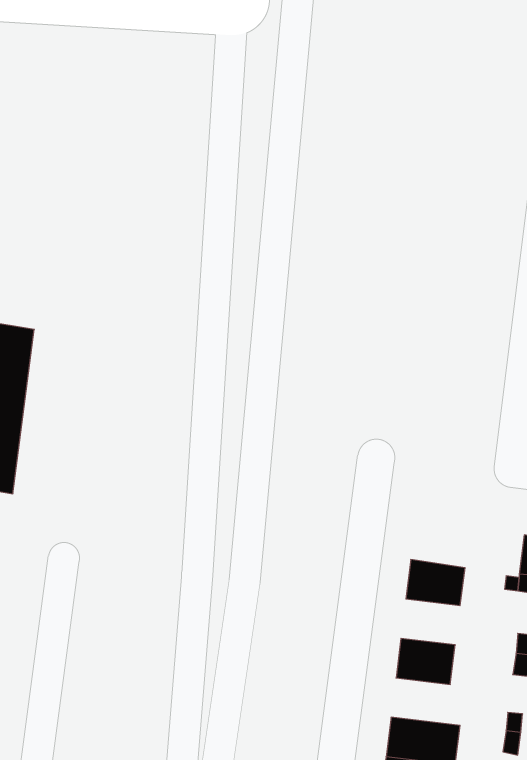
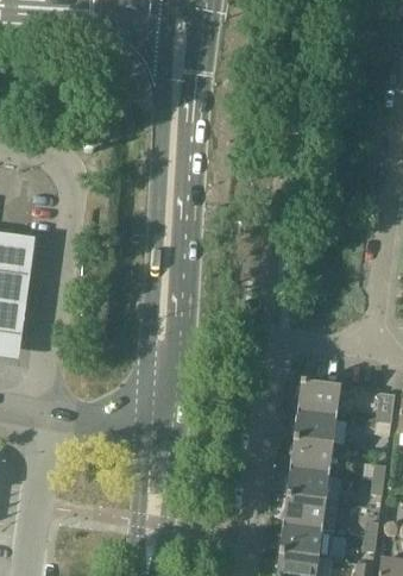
building: none -> [298,381,341,415]
building: none -> [291,438,334,471]
building: none -> [284,495,340,530]

